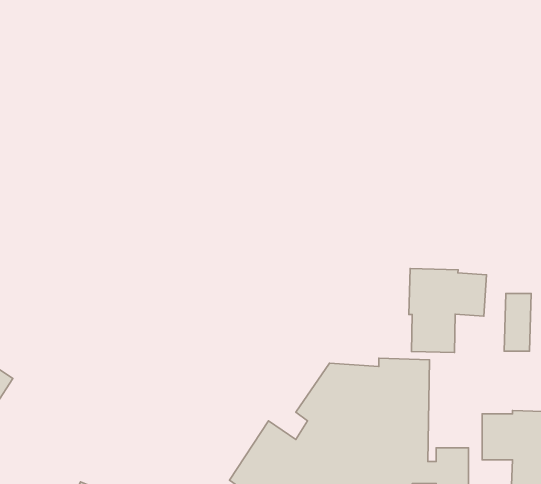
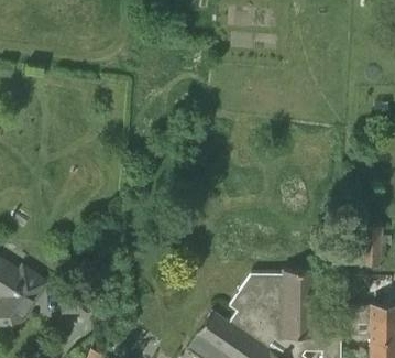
building: [409,269,487,353] -> none

